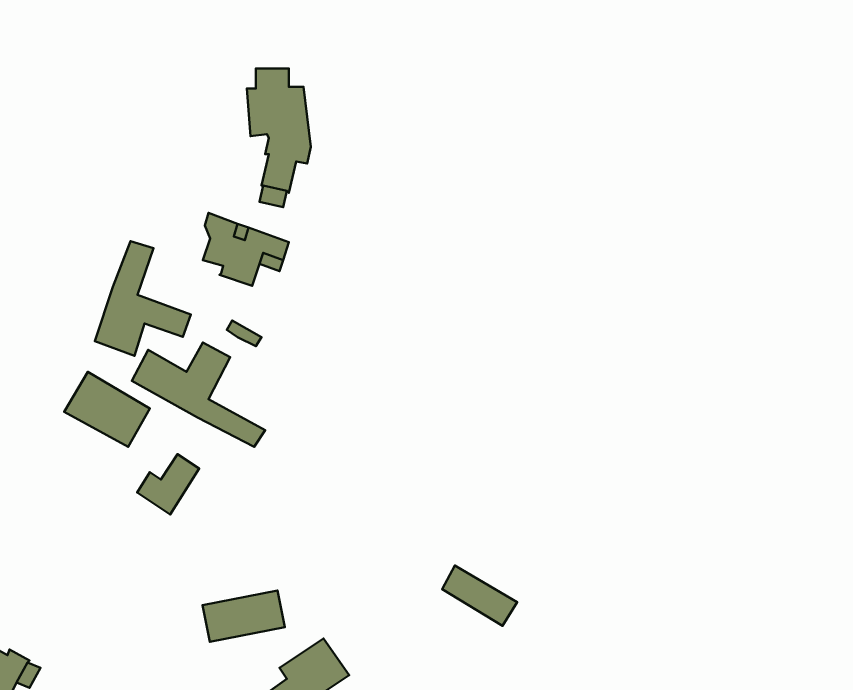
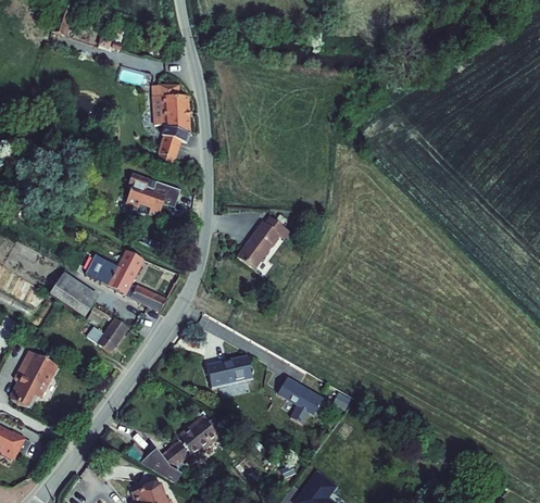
building: [95,241,191,356] -> none
building: none -> [234,218,286,272]
building: none -> [12,351,58,406]
building: [203,591,285,642] -> [199,361,248,391]

